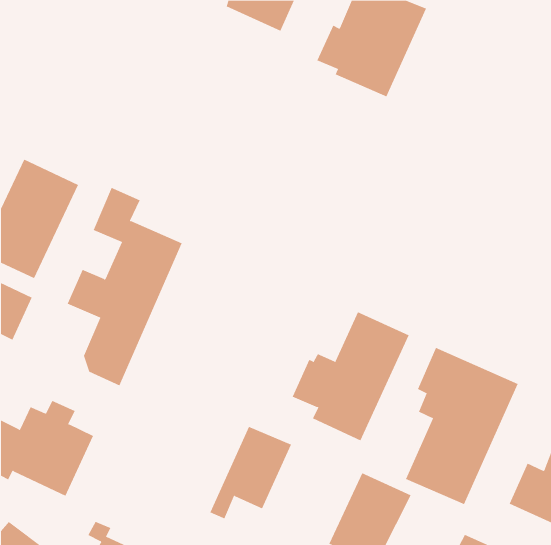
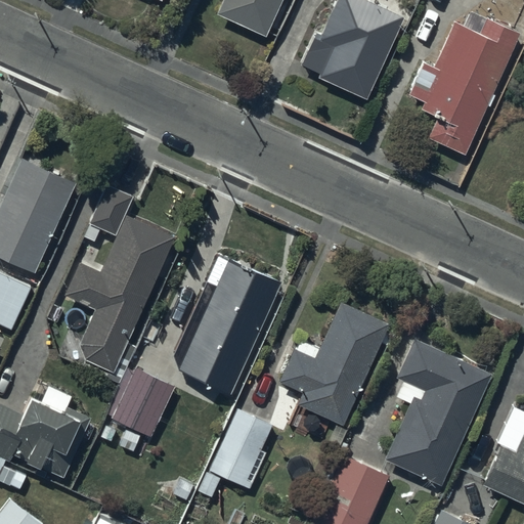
building: none -> [409,16,519,154]
building: none -> [178,255,283,393]
building: none -> [107,367,175,437]

